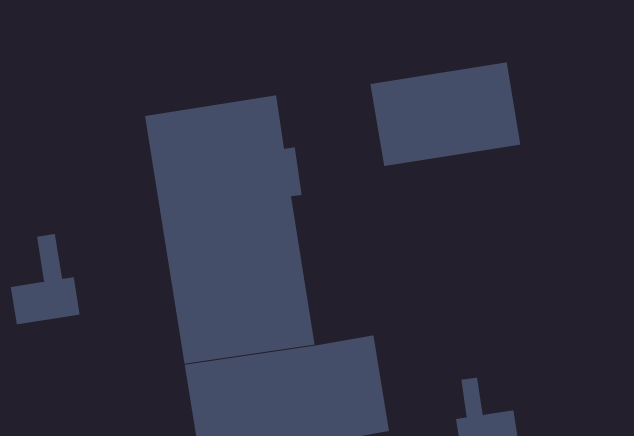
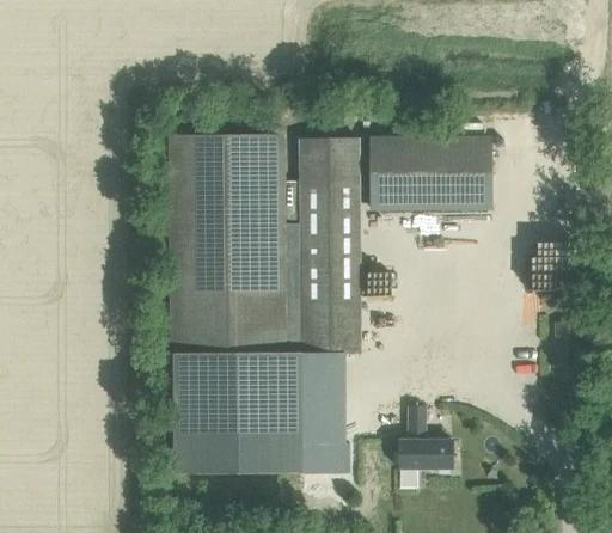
building: none -> [299,136,362,354]
building: [10,233,80,325] -> none

